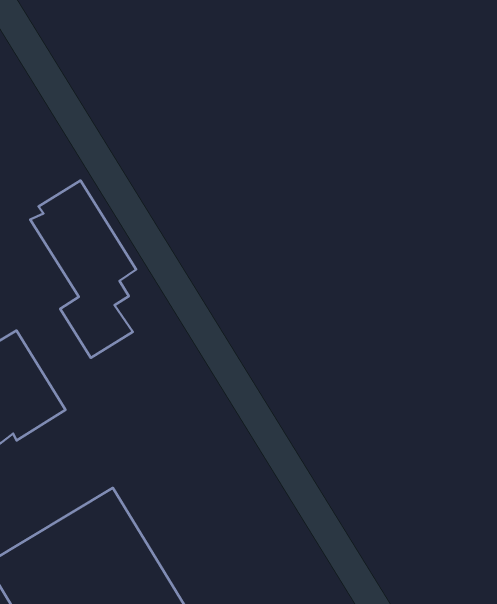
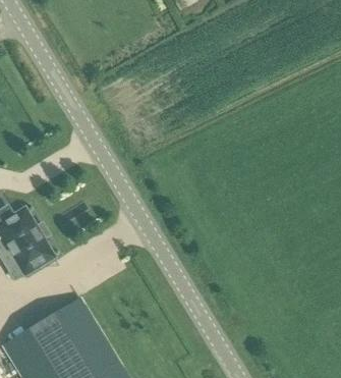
building: [30,180,136,358] -> none

